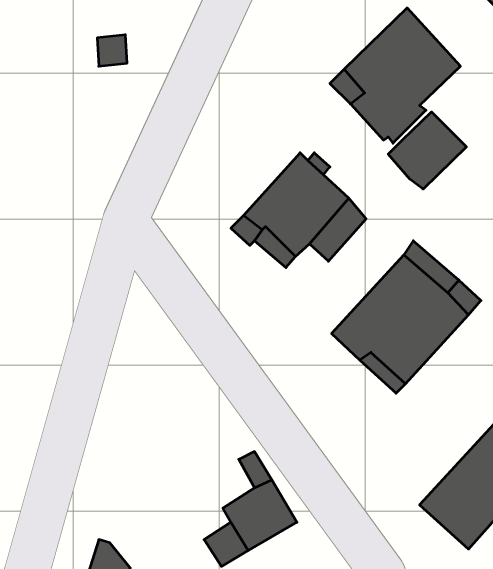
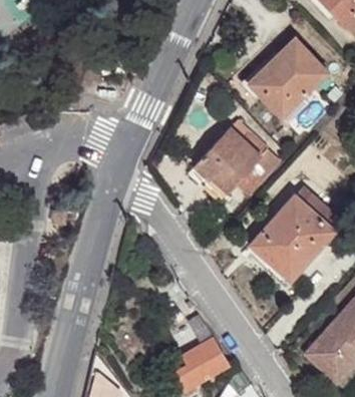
building: [388,112,466,189] -> none

